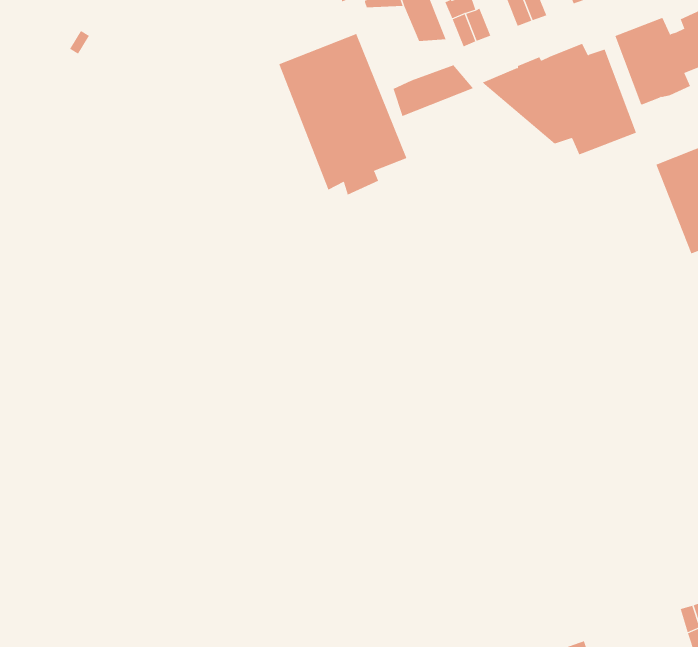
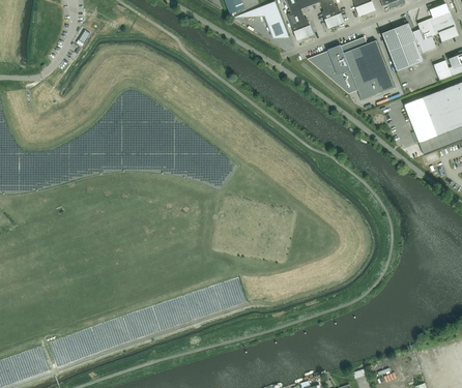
building: [279,33,407,195] -> none
building: [393,64,474,117] -> none

